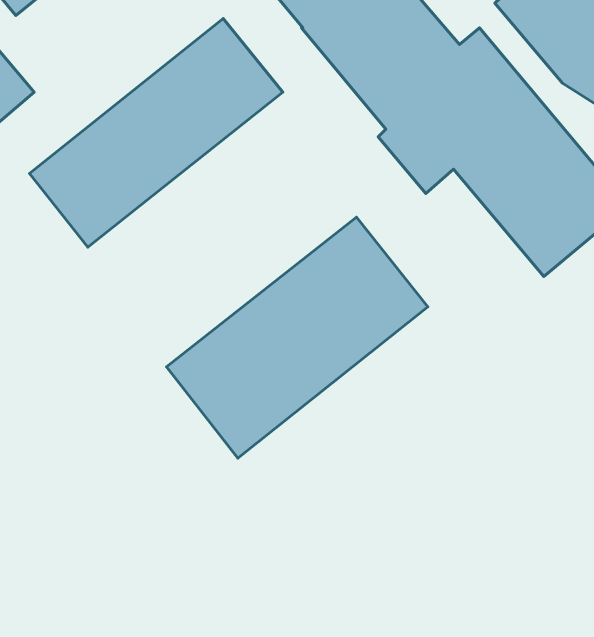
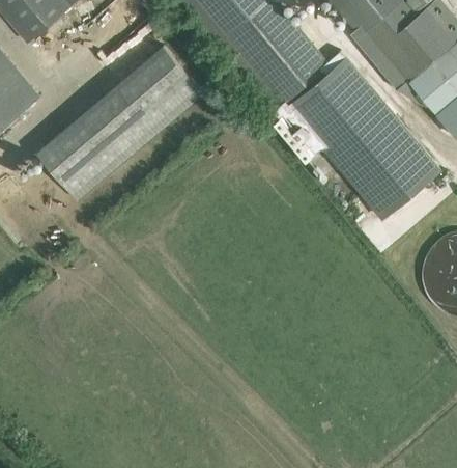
building: [166,217,428,458] -> none

